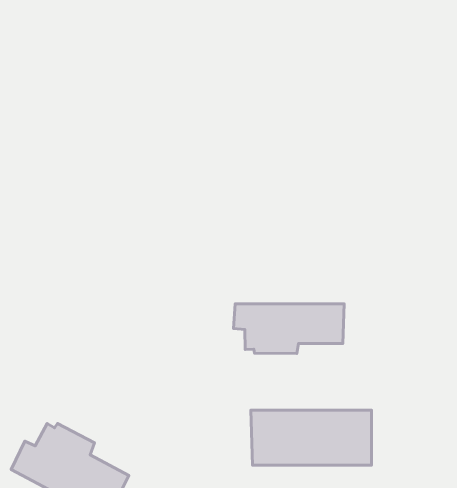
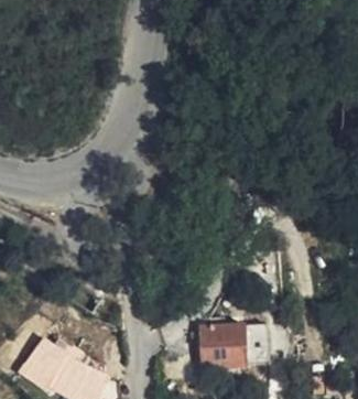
building: [234,304,344,354] -> none

